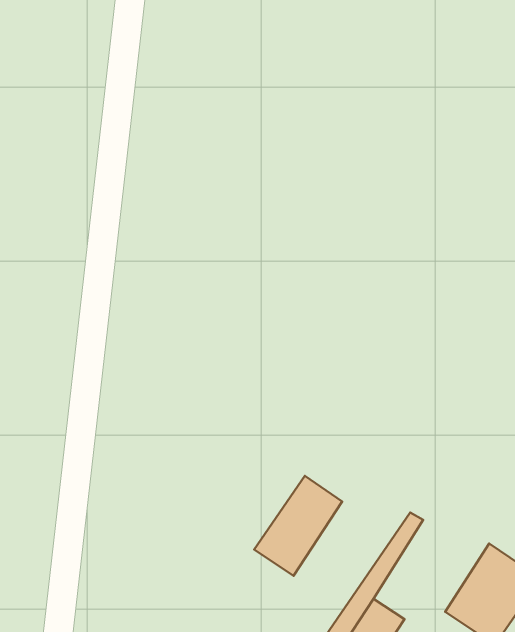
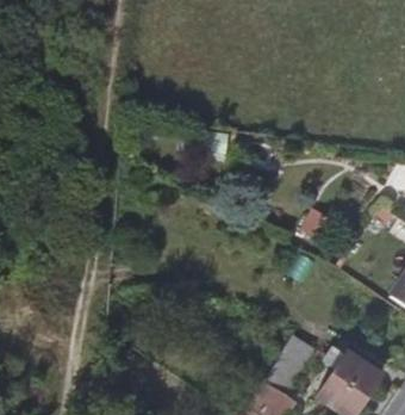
building: [254,476,342,576] -> none

